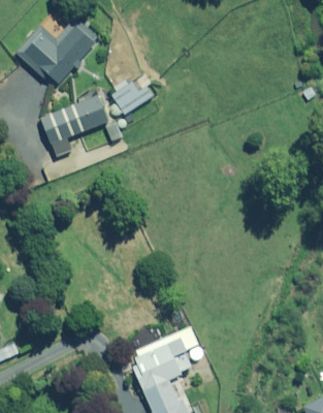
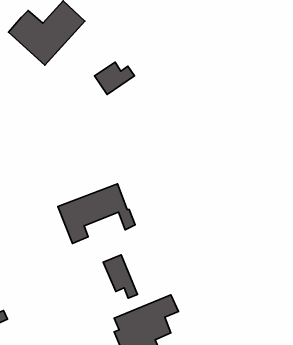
building: [39,93,121,156] -> [58,184,135,244]
building: none -> [103,255,138,298]

